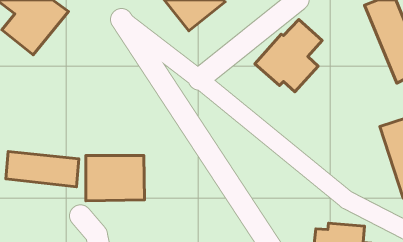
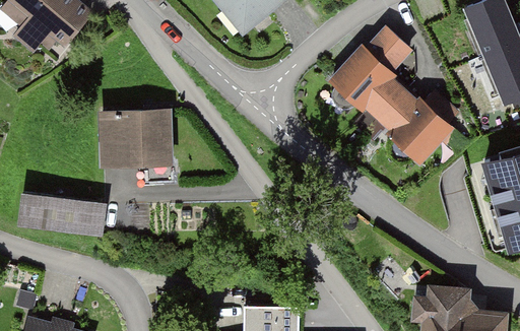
building: none -> [380,85,468,164]
building: [86,156,145,201] -> [95,109,170,165]

